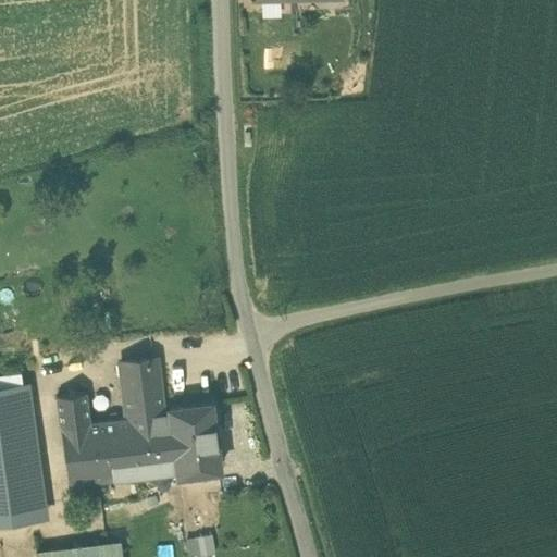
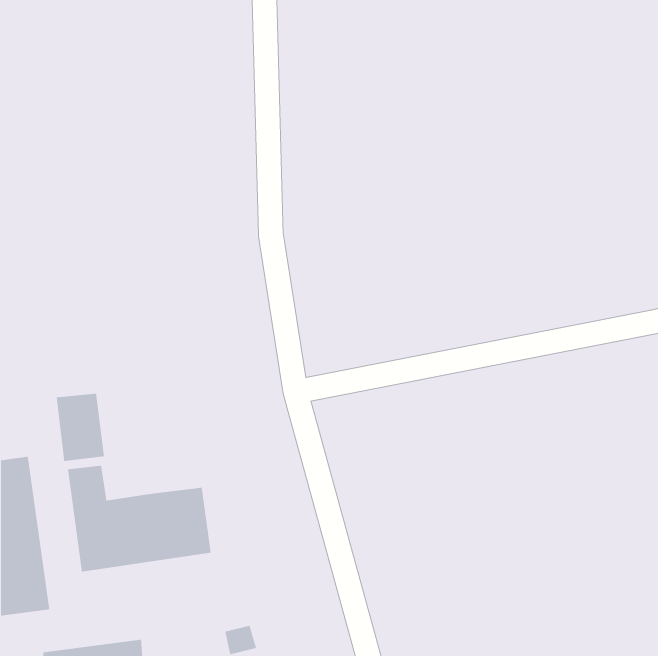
building: [122,361,163,419] -> [56,393,105,462]
building: [171,405,220,472] -> none

